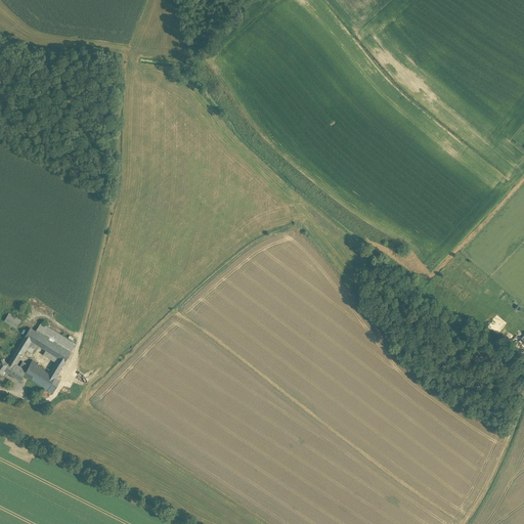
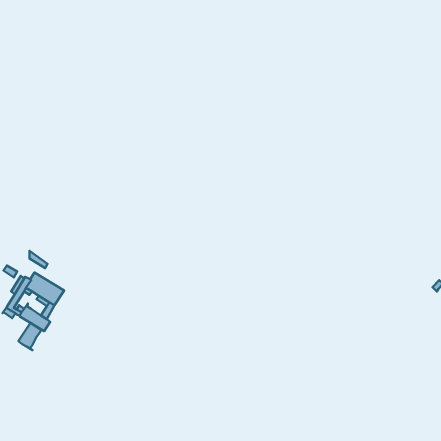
building: none -> [18,323,41,350]

